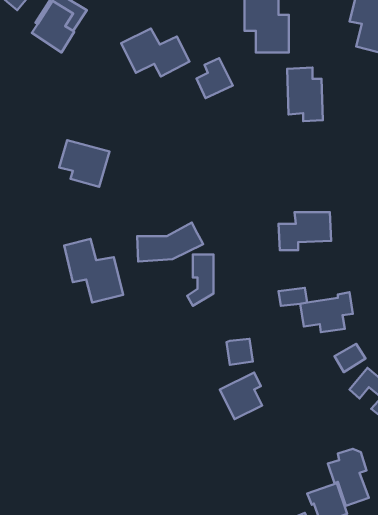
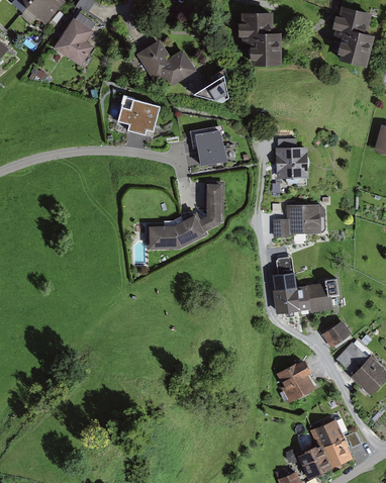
building: [287,68,323,121] -> [275,138,306,186]
building: none -> [190,128,228,166]
building: [59,140,109,187] -> [117,97,162,138]
building: [64,239,123,303] -> none
building: [187,255,213,306] -> [199,184,222,229]
building: [227,339,253,365] -> [272,286,295,309]
building: [220,372,262,419] -> [277,359,314,400]

